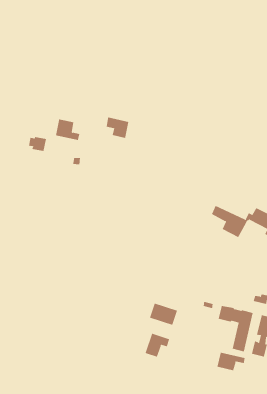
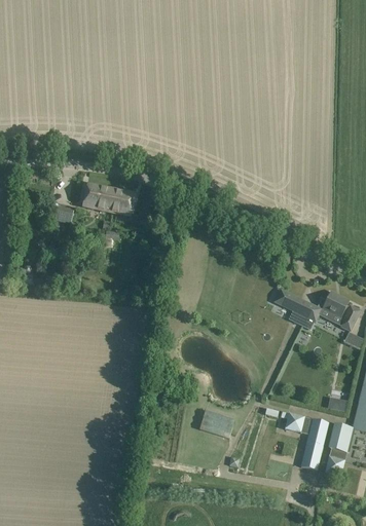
building: [106,117,129,139] -> [105,187,134,214]
building: [145,333,170,358] -> none
building: [217,352,245,371] -> none

